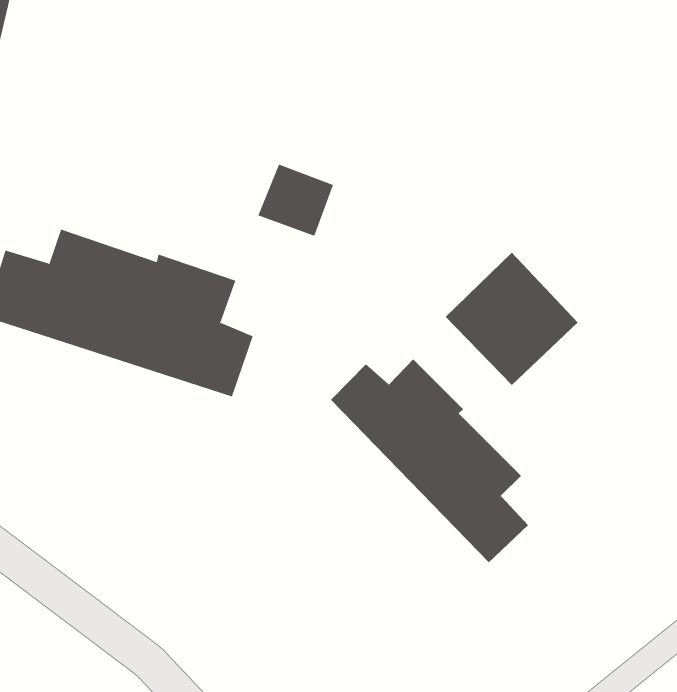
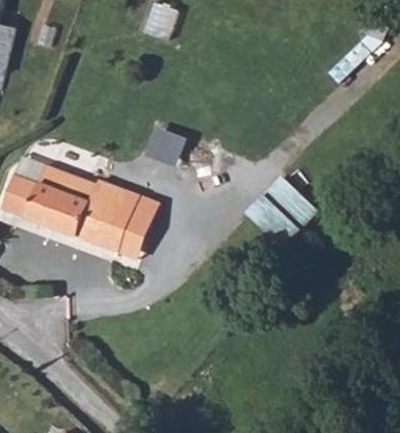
building: [330,358,529,563] -> none

